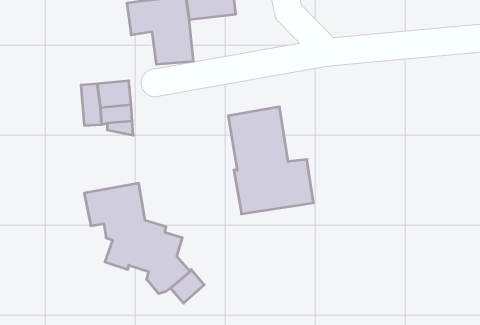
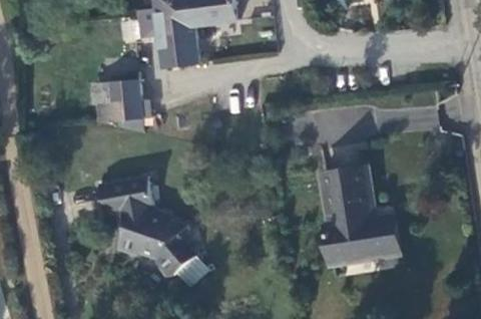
building: [228,107,313,214] -> [321,167,399,265]

